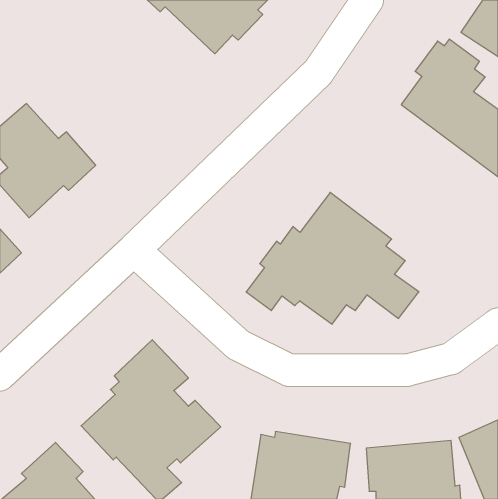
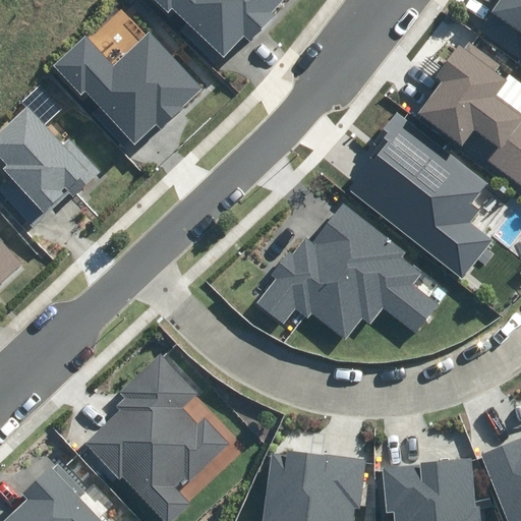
building: none -> [53,32,199,146]
building: none -> [350,111,490,277]

